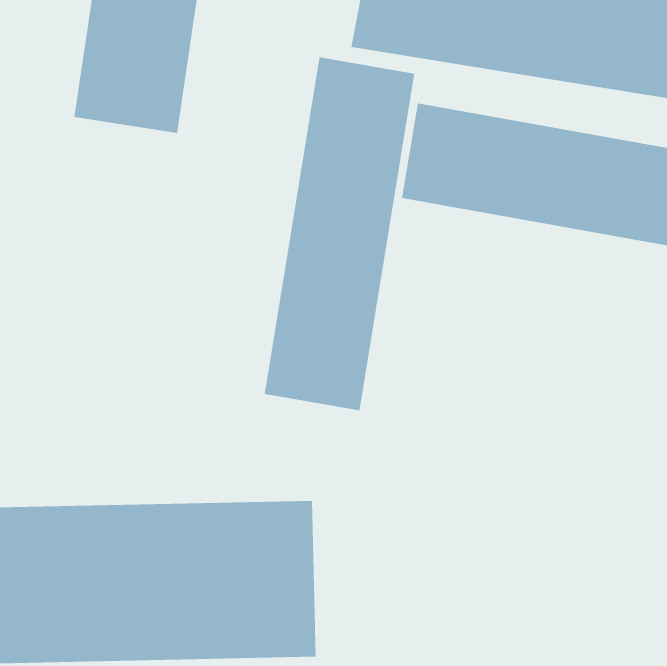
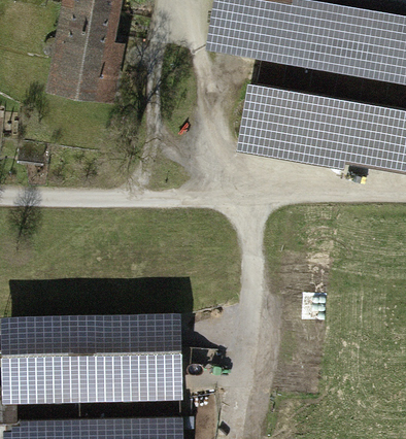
building: [264,56,415,411] -> none

